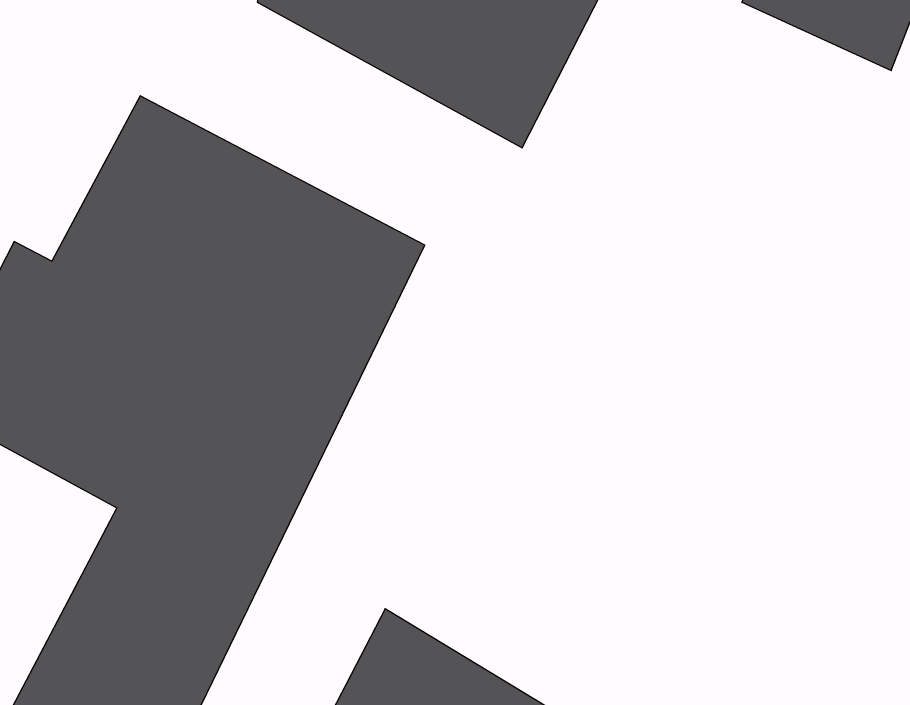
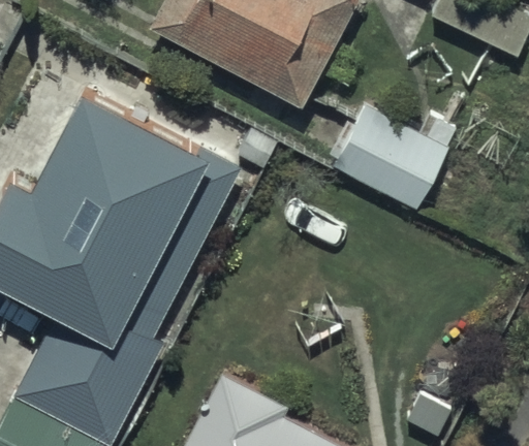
building: none -> [331,106,456,211]

